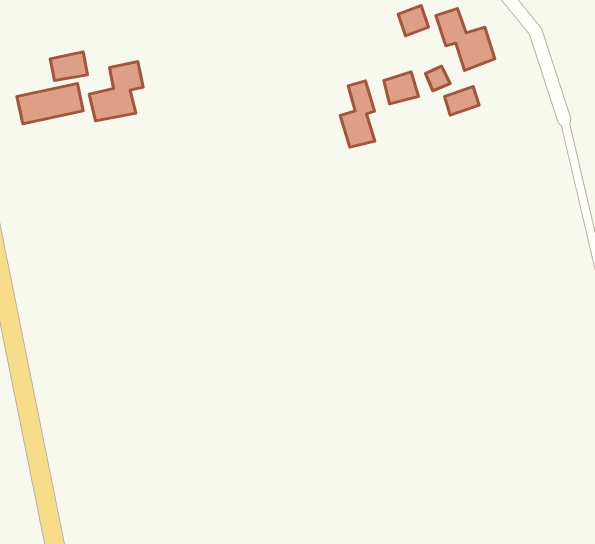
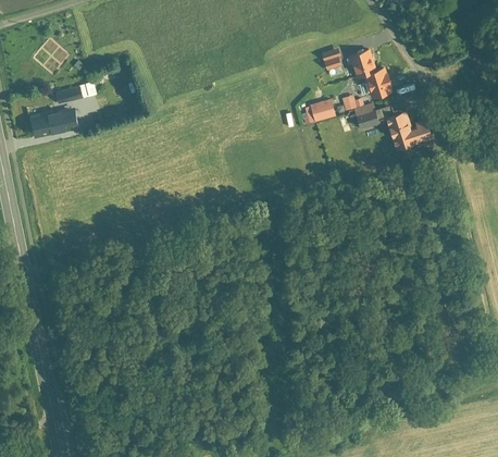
building: [89,62,143,121] -> none
building: none -> [385,106,433,151]
building: [340,81,375,147] -> none

